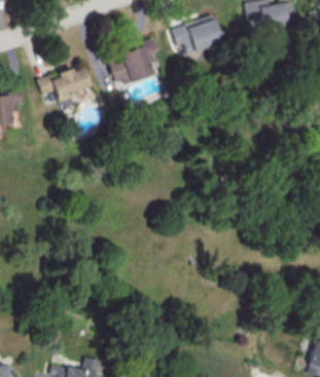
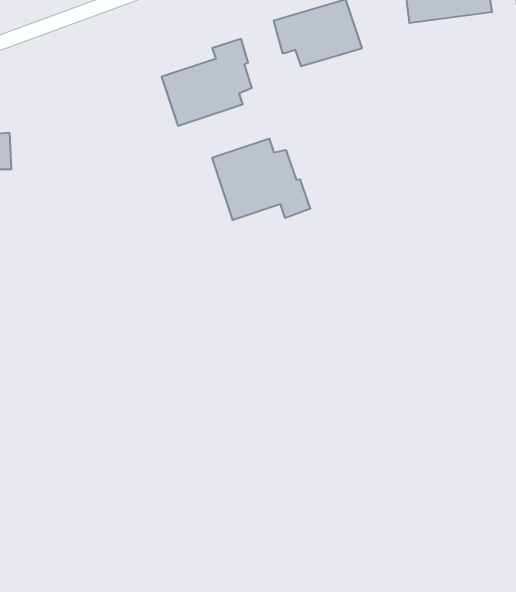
building: [38,68,91,99] -> none
building: none -> [212,139,310,220]

